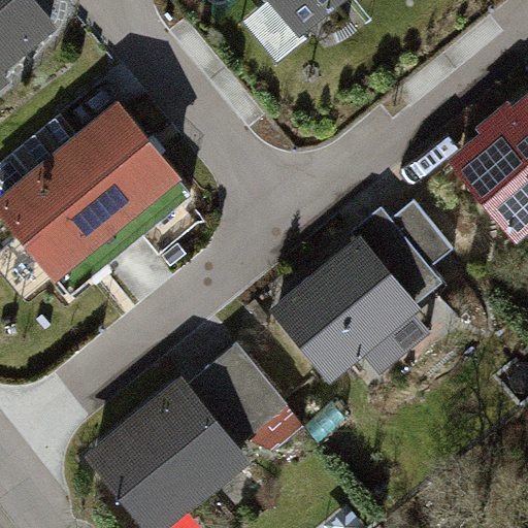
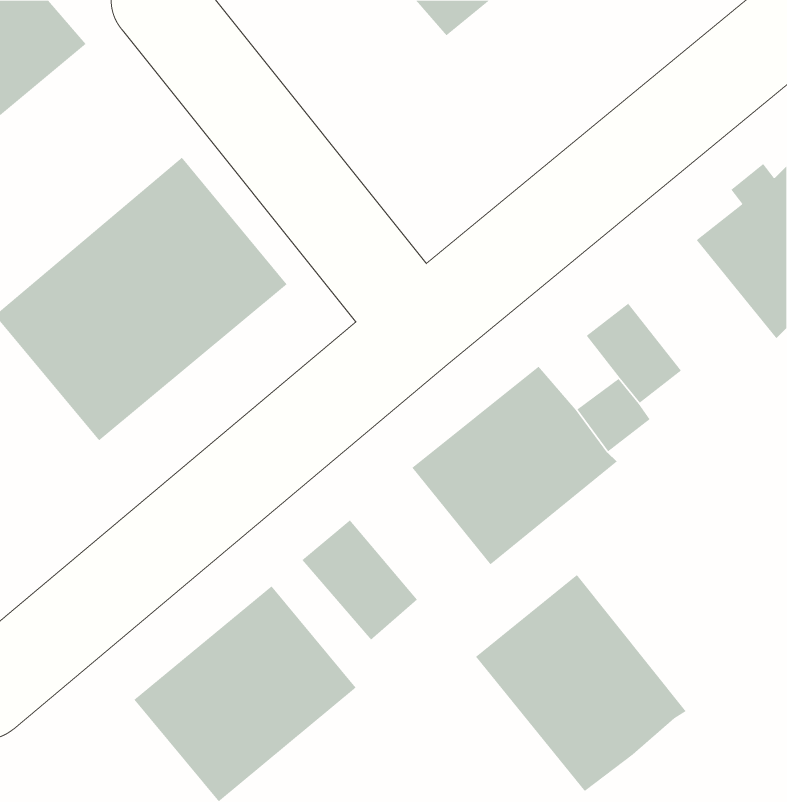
building: none -> [475,574,687,792]

